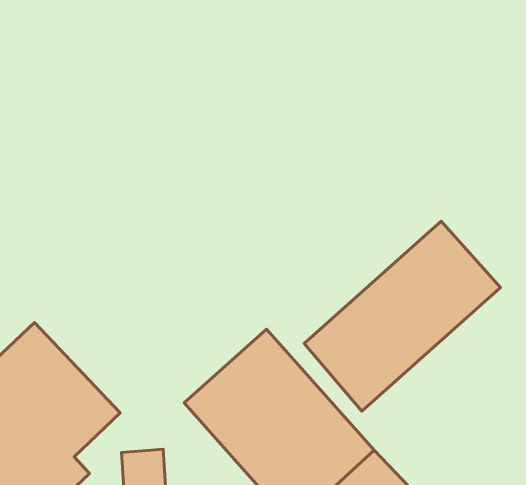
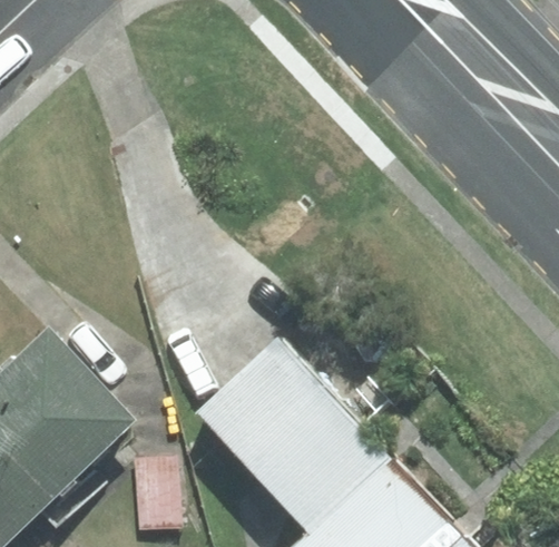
building: [304,221,500,411] -> none

